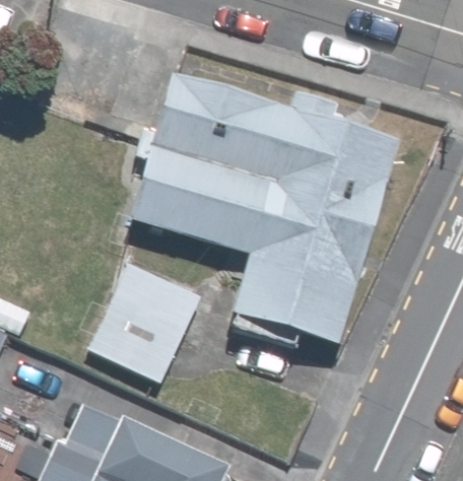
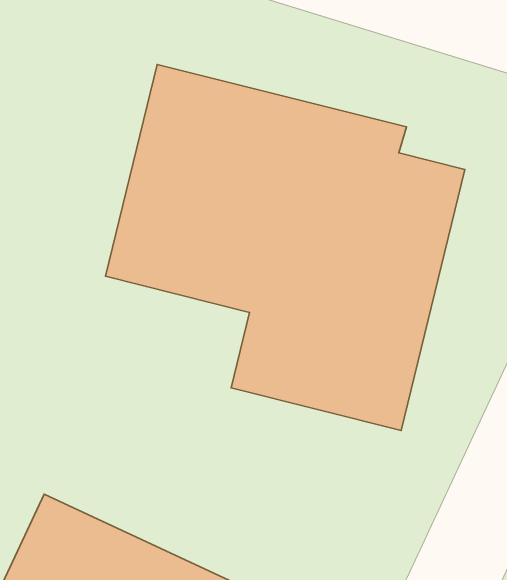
building: [86,257,210,385] -> none

